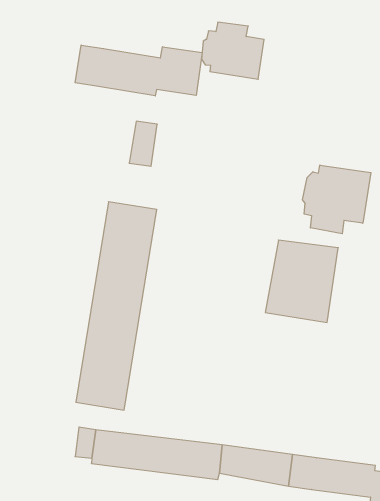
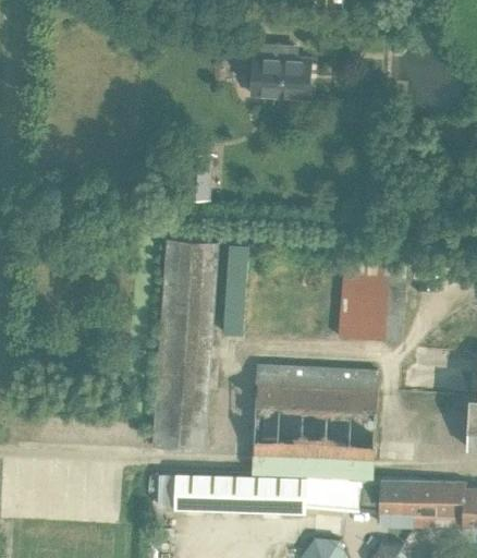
building: [75,45,202,96] -> none
building: [303,165,371,234] -> none
building: none -> [222,243,249,336]
building: none -> [253,366,376,463]

